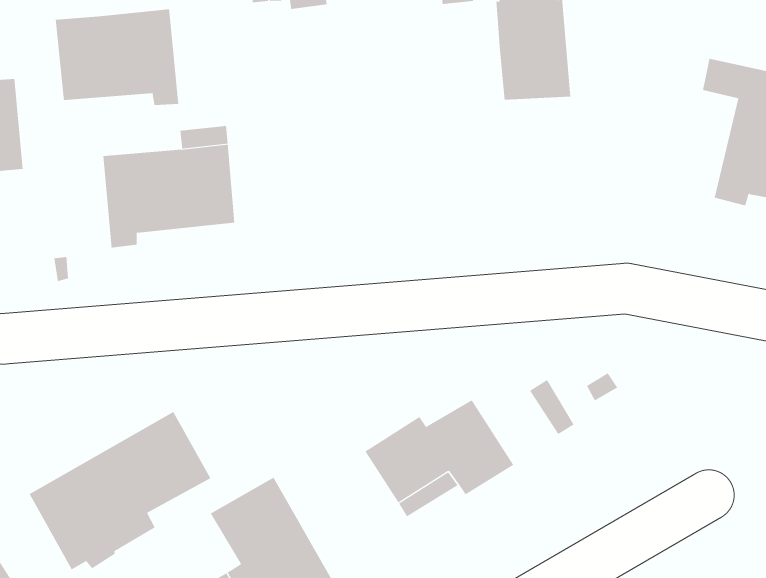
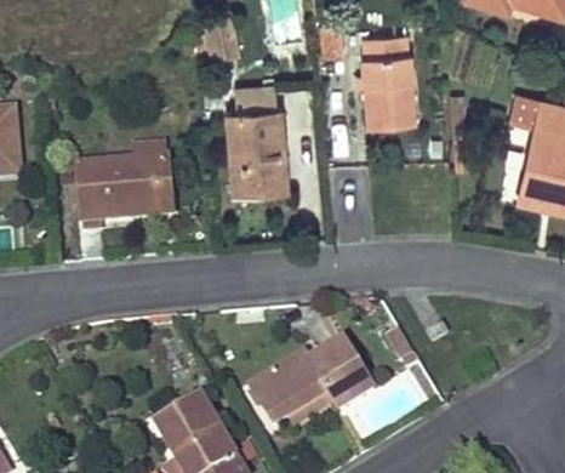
building: [55,8,179,106] -> none
building: none -> [226,82,285,188]
building: [29,411,211,570] -> none

